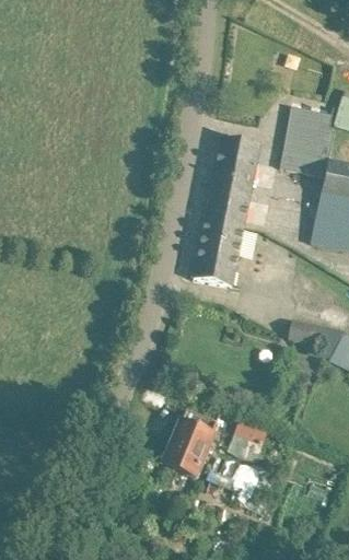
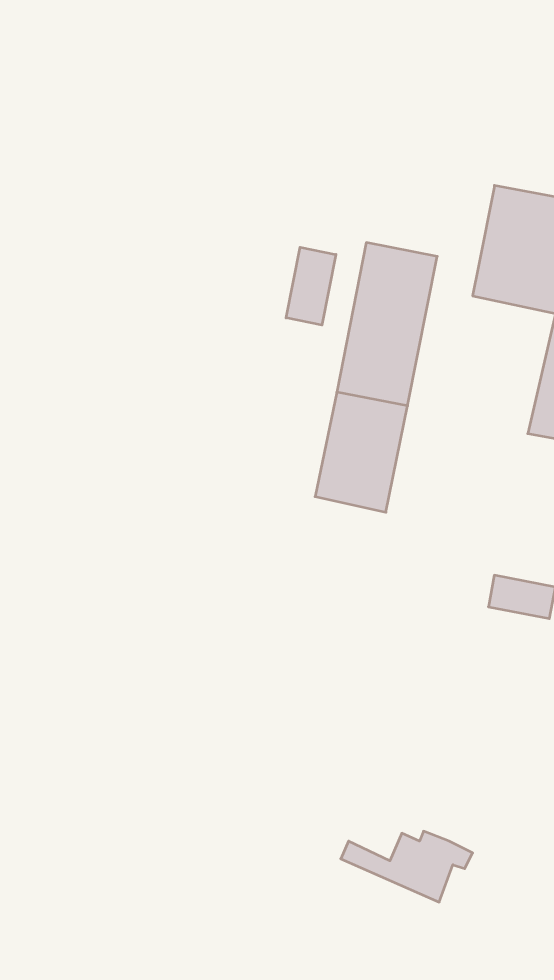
building: none -> [286,247,336,325]
building: [163,410,216,477] -> none
building: [226,419,266,462] -> none

